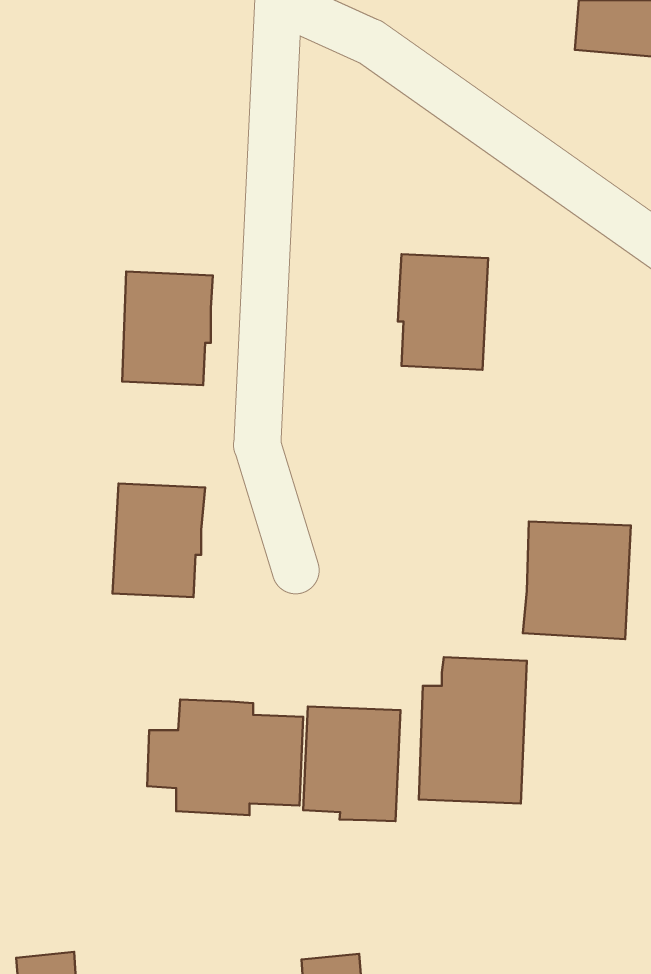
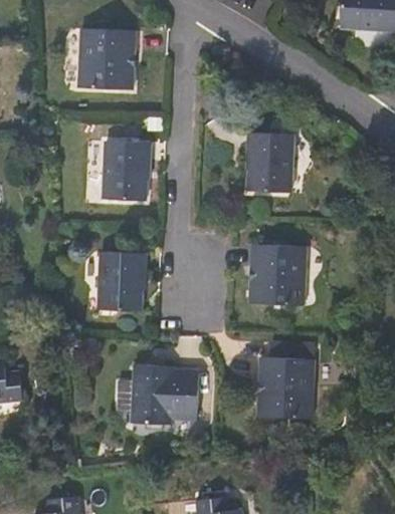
building: none -> [78,28,135,90]
building: [523,521,631,639] -> [248,244,305,305]
building: [303,706,401,821] -> none

